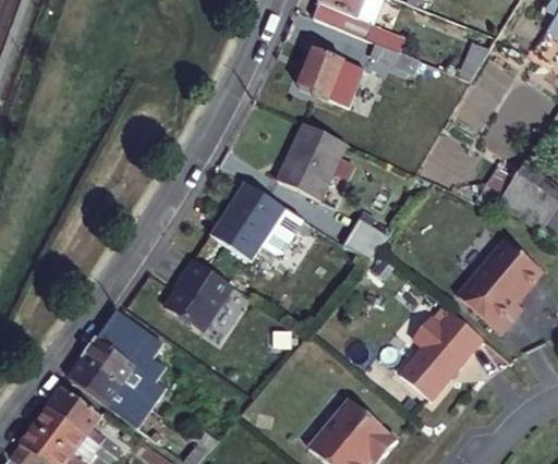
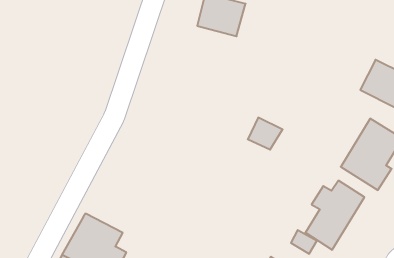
building: [278,121,349,197] -> none
building: [211,183,305,261] -> none
building: [161,255,230,328] -> none

